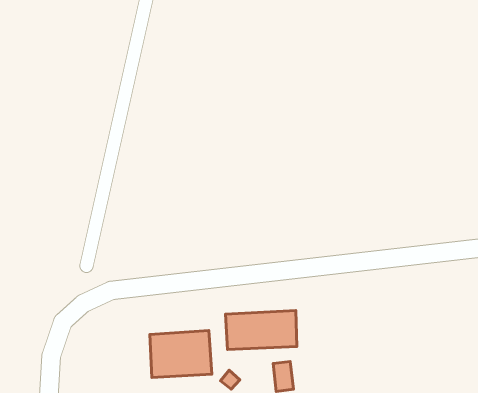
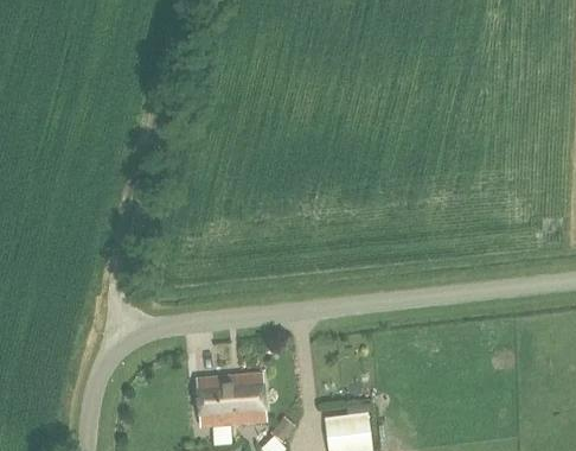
building: [225,311,297,349] -> none

